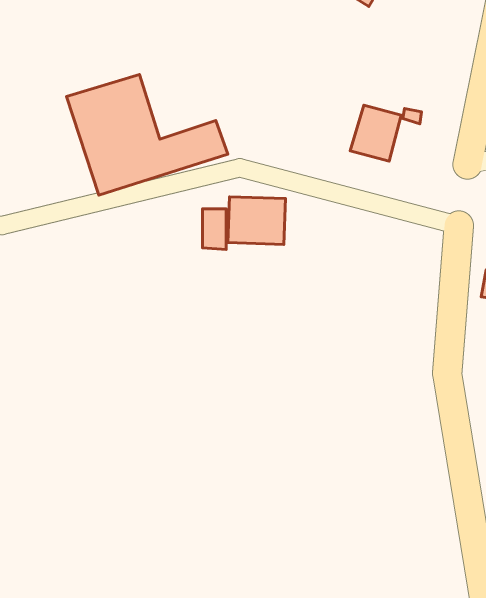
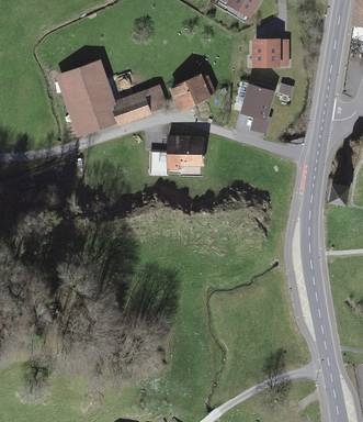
building: none -> [254,31,291,63]
building: none -> [169,73,215,111]

